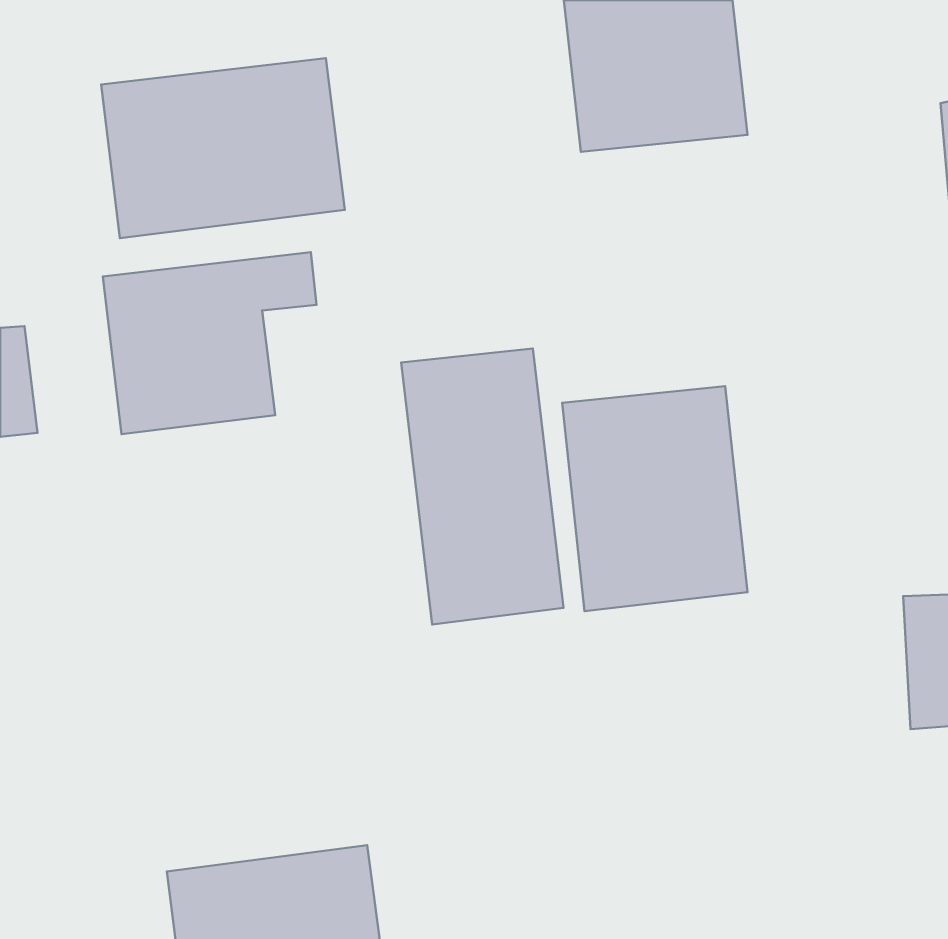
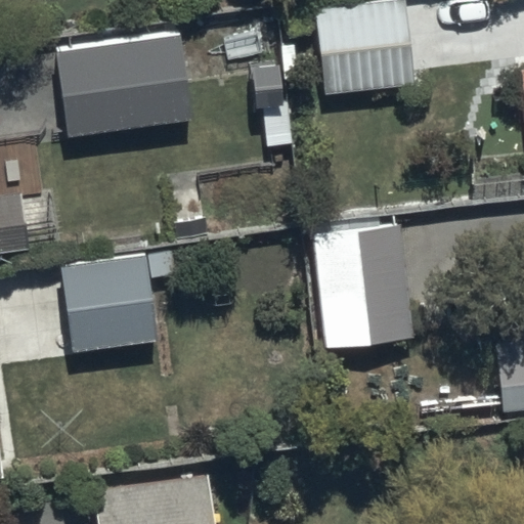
building: [103,252,316,434] -> [64,250,181,349]
building: [401,348,563,625] -> none

